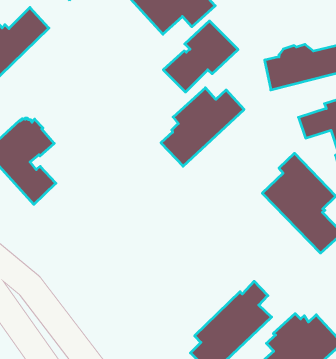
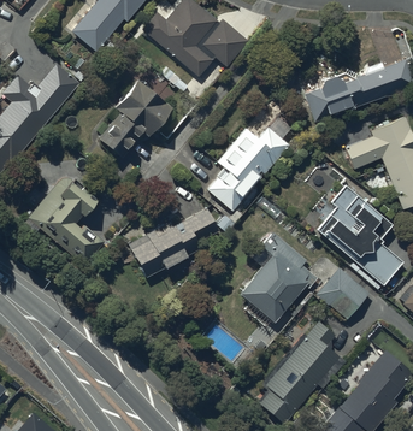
building: [163,21,238,92] -> [98,82,172,158]
building: none -> [129,208,219,278]
building: none -> [240,235,317,321]
building: none -> [317,268,368,319]

